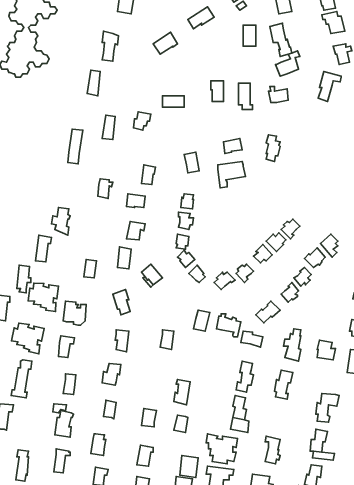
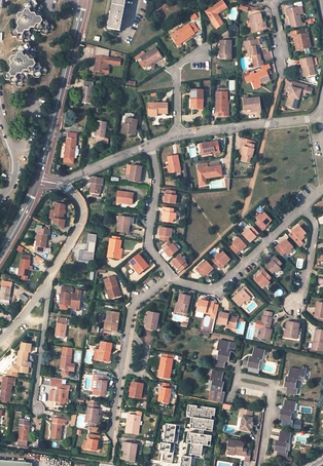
building: [28,283,58,311] -> none
building: [11,323,44,354] -> none

